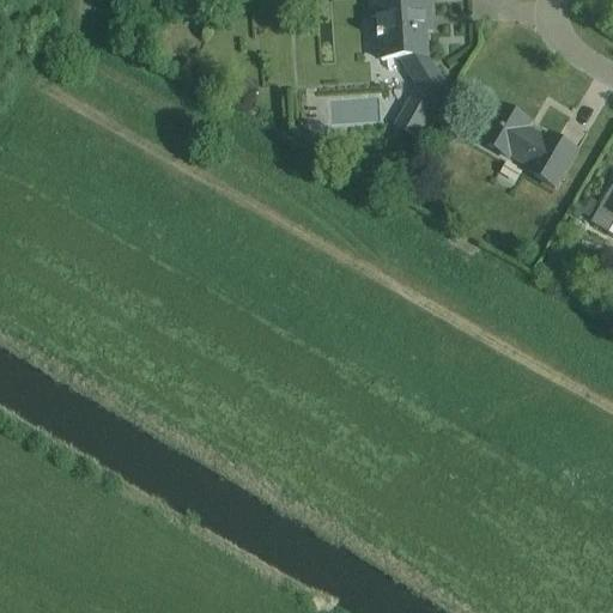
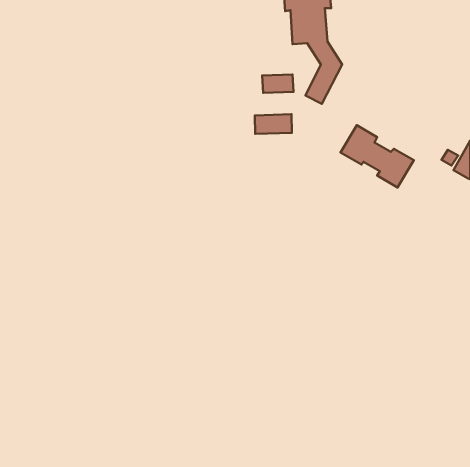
building: [480,104,576,186] -> [340,125,414,188]
building: none -> [255,114,292,134]

